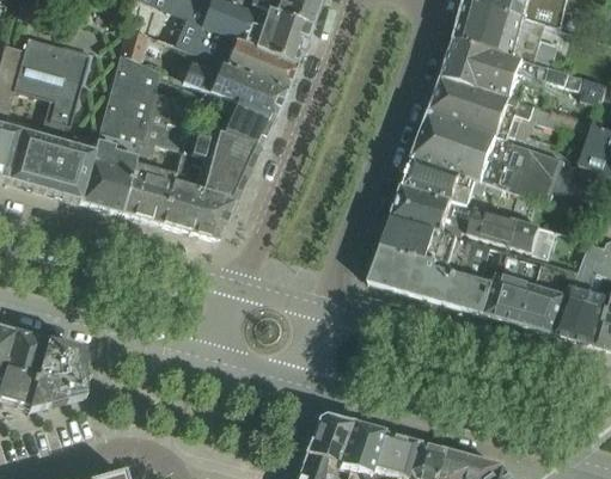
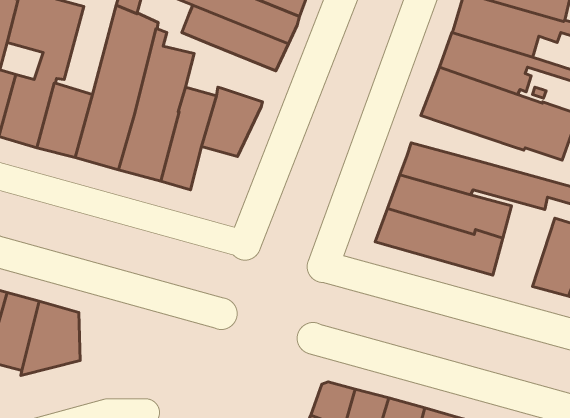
building: [207,91,271,147] -> none
building: [402,160,500,204] -> none
building: [189,190,234,238] -> none
building: [481,247,540,325] -> none

